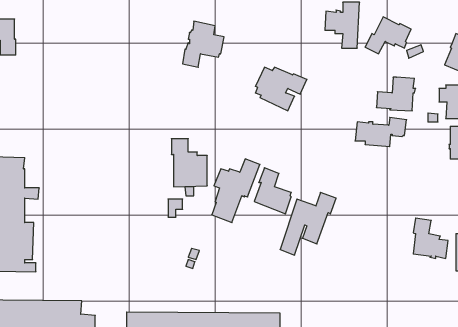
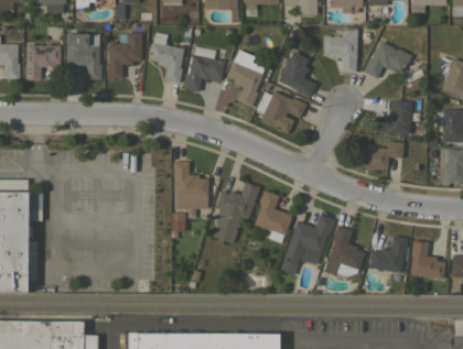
building: none -> [67,32,101,79]
building: none -> [107,33,142,78]
building: none -> [149,35,184,84]
building: none -> [25,44,61,80]
building: none -> [279,52,316,98]
building: none -> [226,61,263,107]
building: none -> [324,226,365,277]
building: none -> [369,236,410,281]

